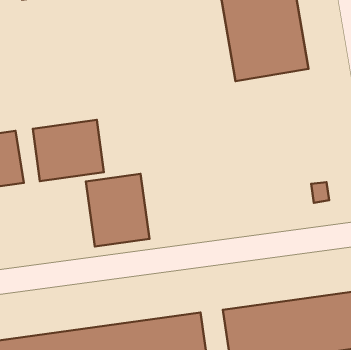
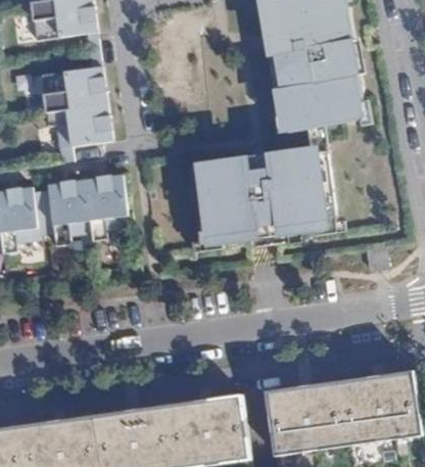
building: none -> [43,66,113,147]
building: none -> [191,146,328,249]
building: [86,174,150,247] -> none

